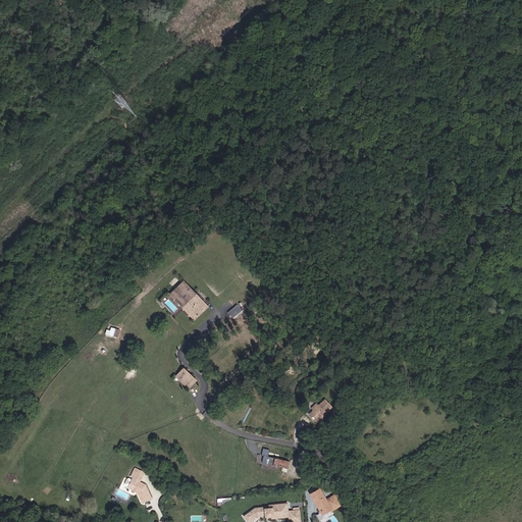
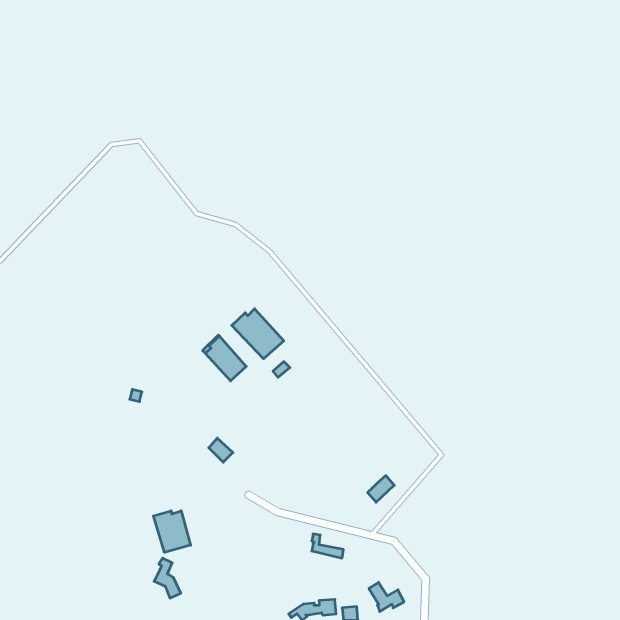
building: none -> [232,309,284,359]
building: none -> [153,511,191,552]

